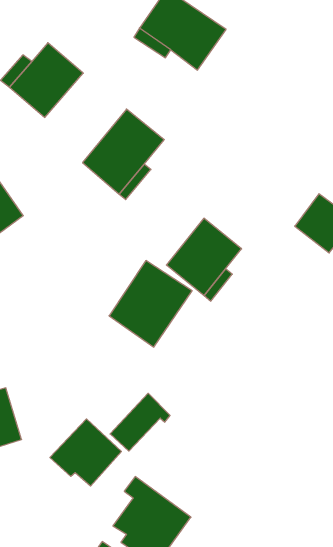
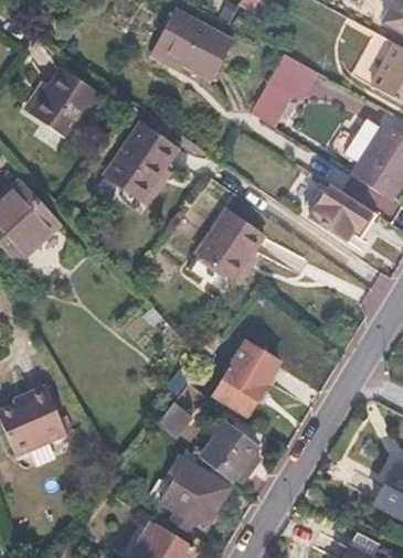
building: none -> [251,52,316,122]
building: [109,261,192,347] -> [211,340,286,419]
building: [50,419,121,486] -> none
building: none -> [198,423,254,482]

